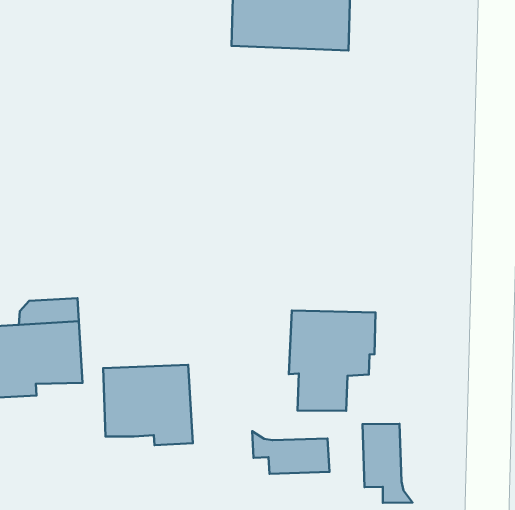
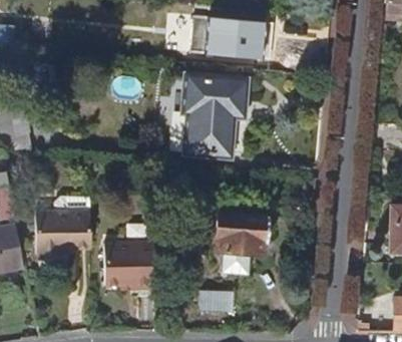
building: none -> [180,62,242,148]
building: [363,424,413,503] -> none

